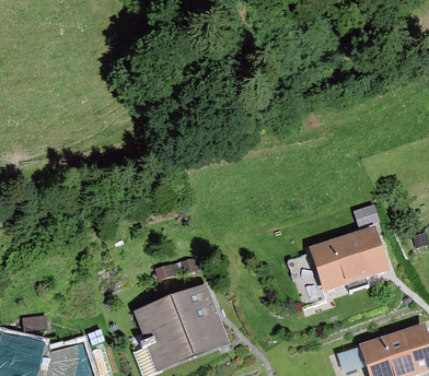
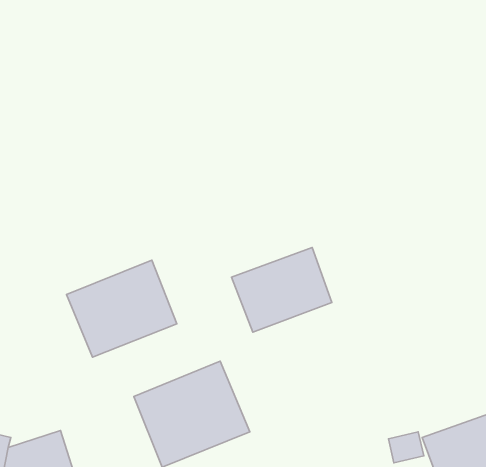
building: none -> [67,260,177,357]
building: [312,226,390,292] -> [232,247,332,332]

